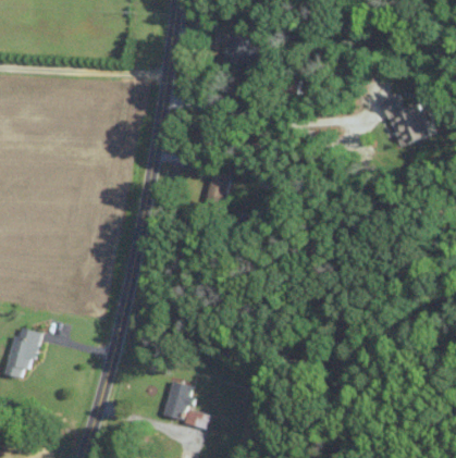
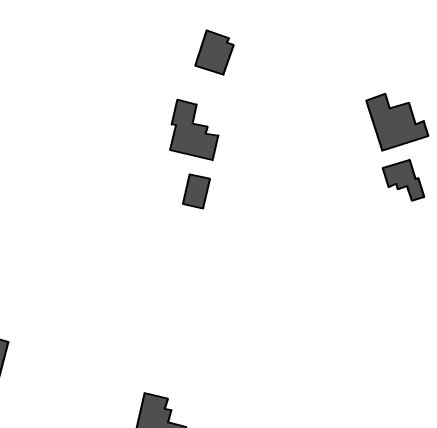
building: none -> [170,100,218,160]
building: none -> [383,160,424,201]

